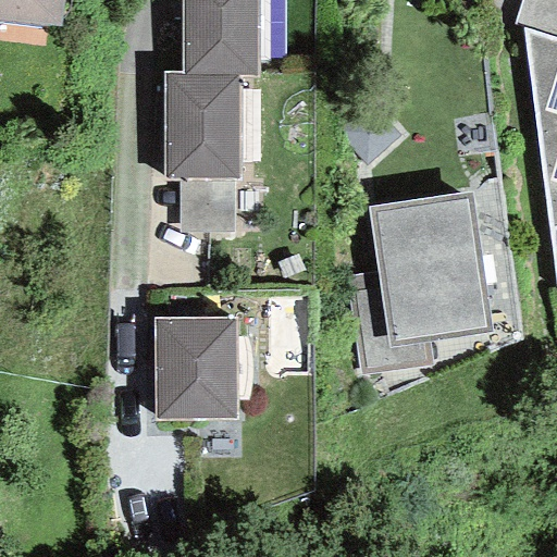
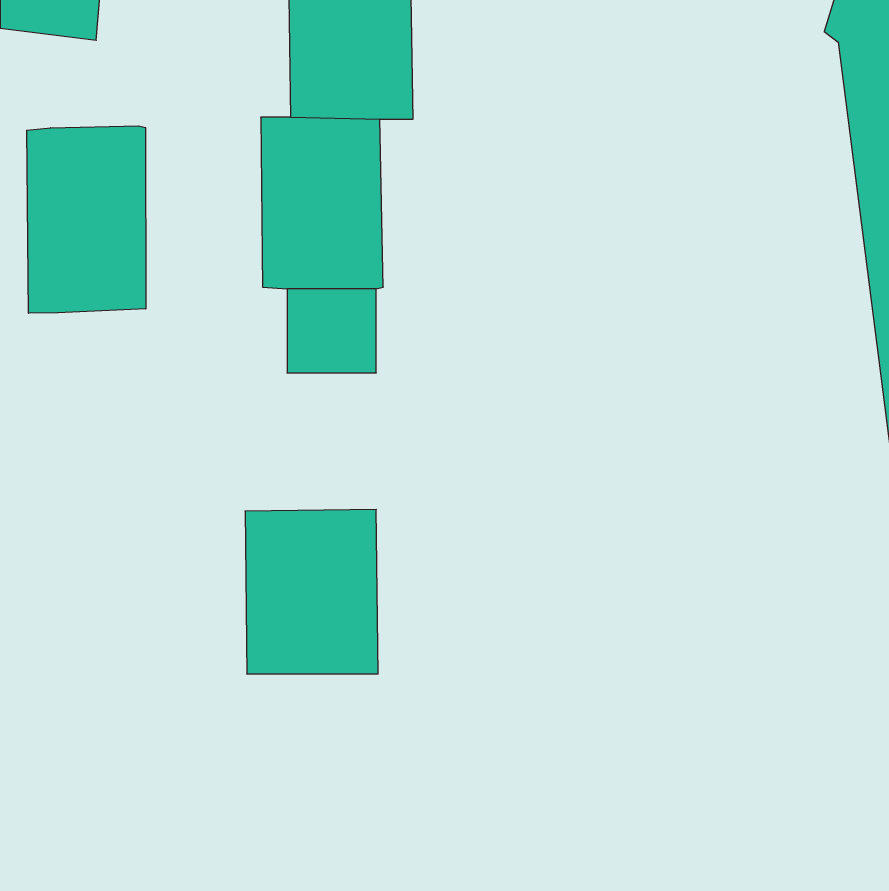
building: none -> [27,126,146,313]
building: [349,191,493,373] -> none

